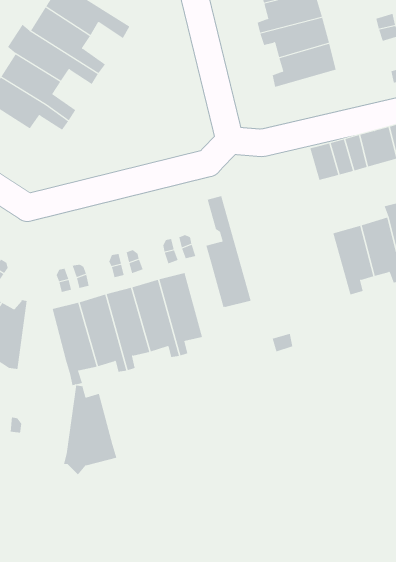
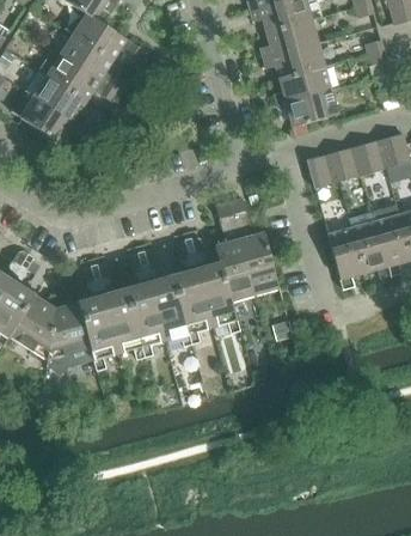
building: none -> [276,89,338,126]
building: none -> [229,196,280,293]
building: none -> [197,261,240,331]
building: [63,385,117,475] -> [47,293,94,373]

